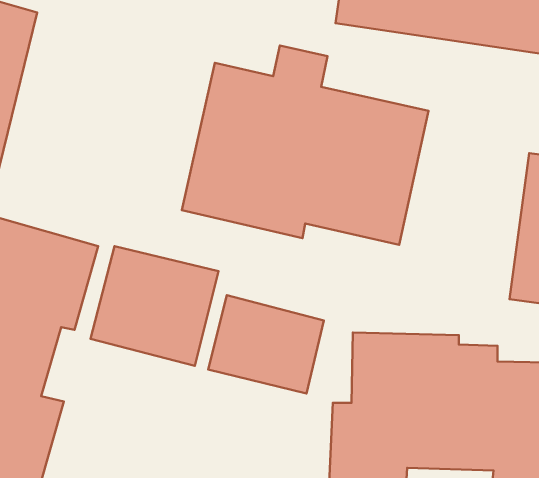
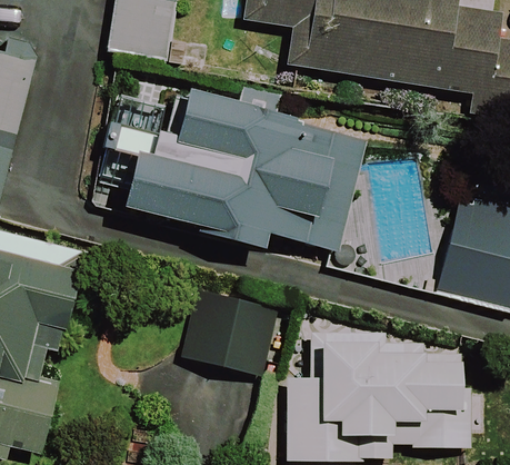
building: [90,246,219,366] -> none

